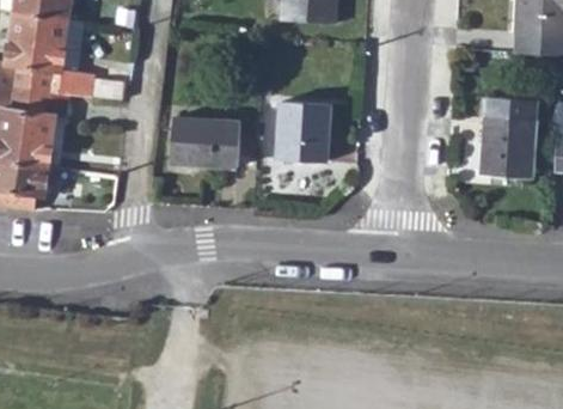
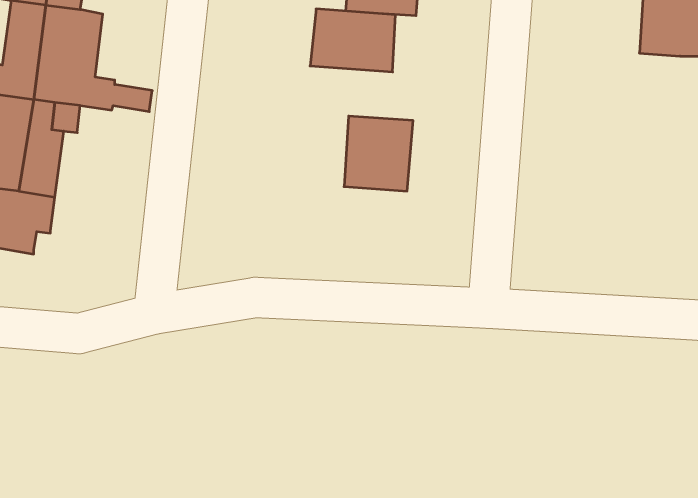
building: [478,97,539,178] -> none
building: [172,116,240,166] -> [310,9,396,72]

